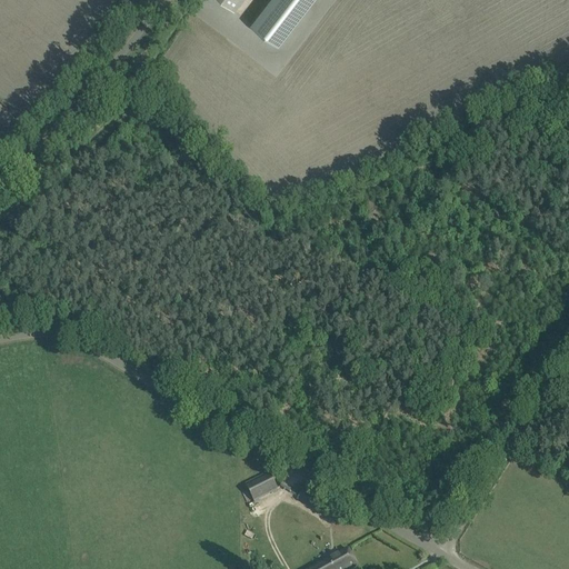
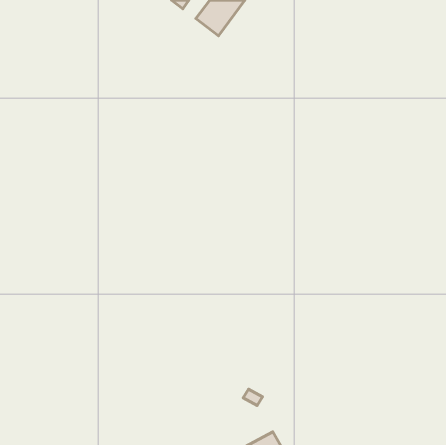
building: [246,477,277,503] -> none

